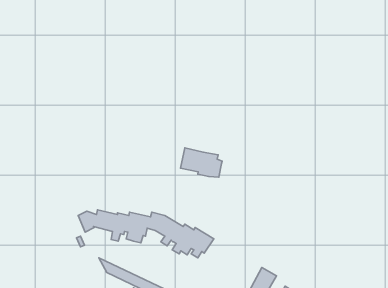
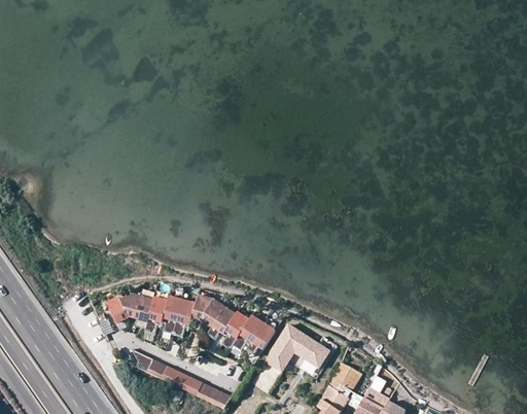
building: [180,148,222,177] -> none
building: none -> [265,324,328,370]

